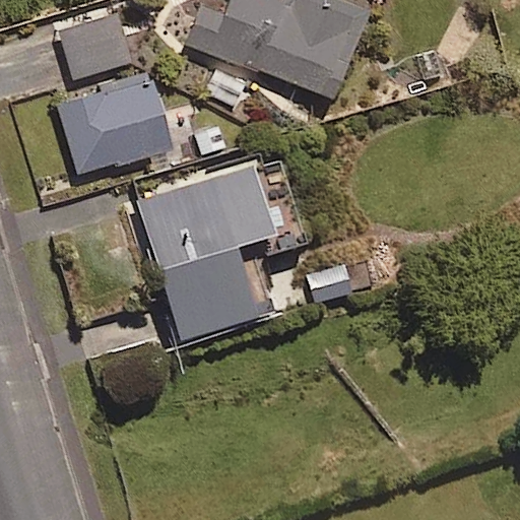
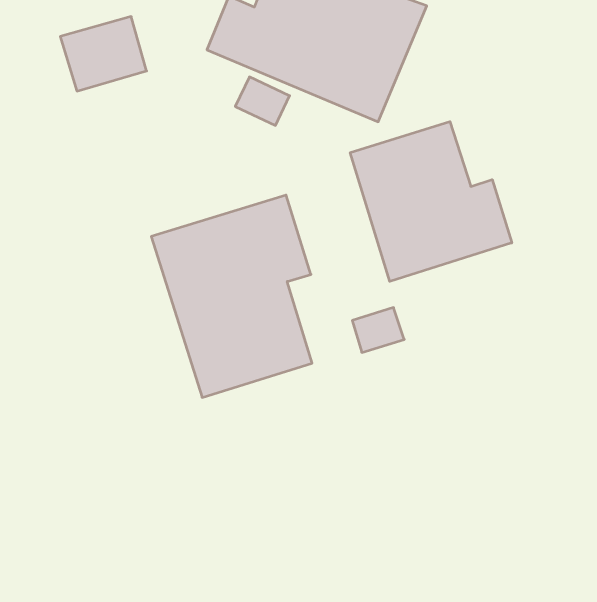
building: [61,77,172,173] -> none
building: none -> [350,122,512,281]

